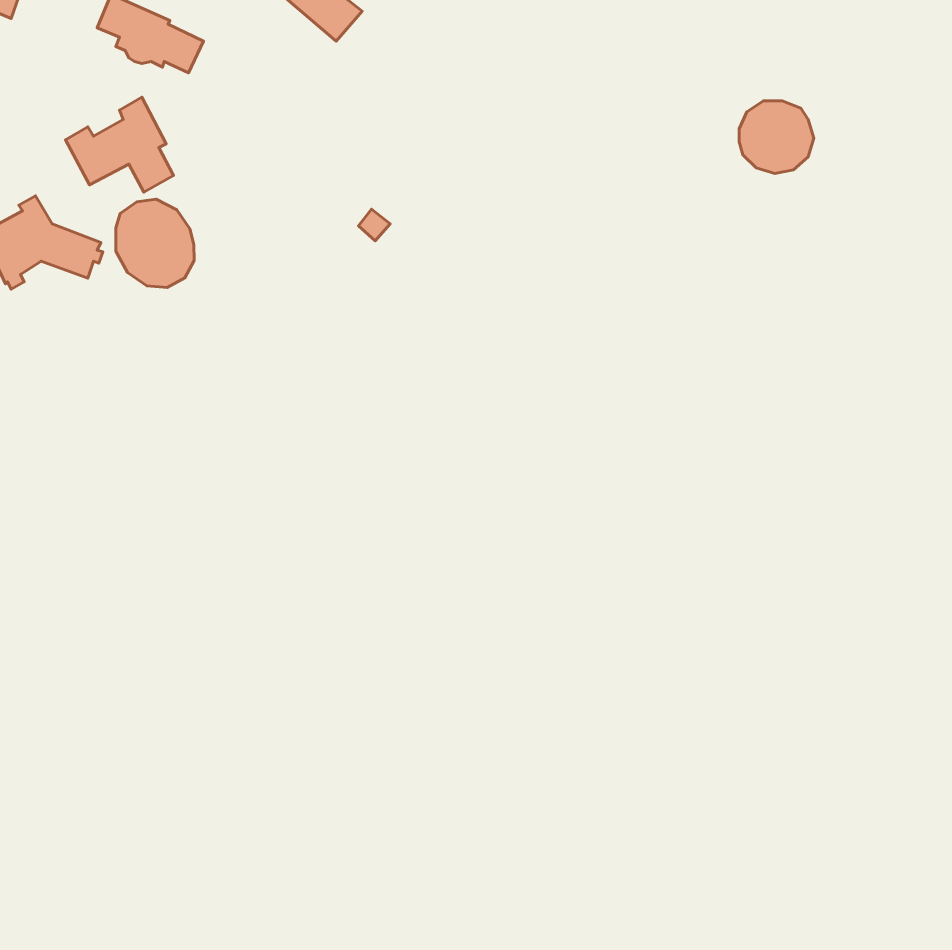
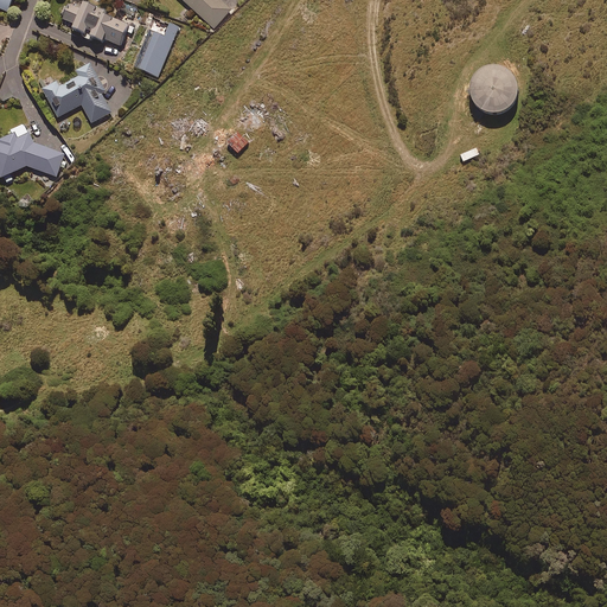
building: none -> [134,19,177,76]
building: [116,199,194,287] -> none

